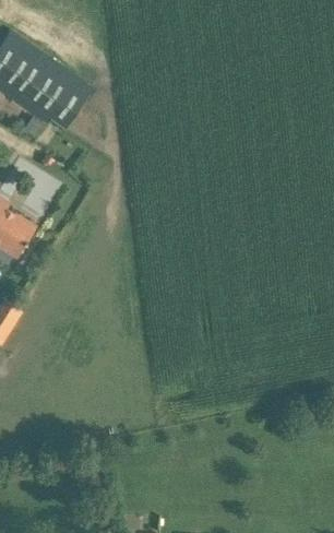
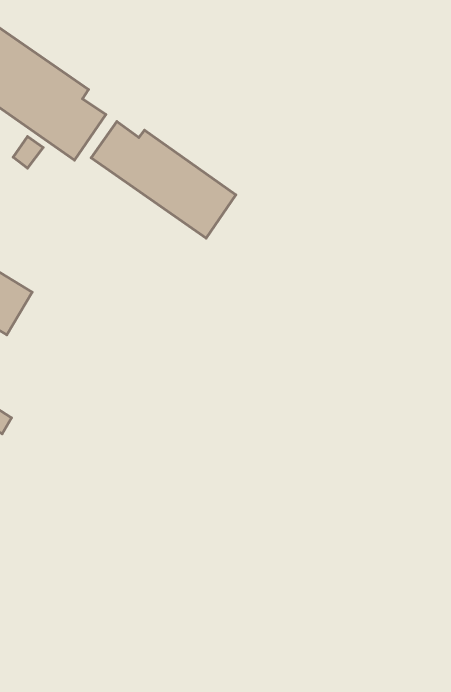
building: none -> [91,121,236,238]

